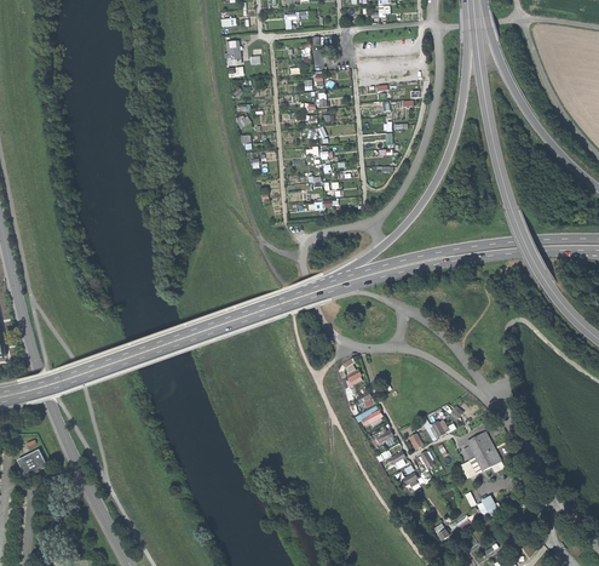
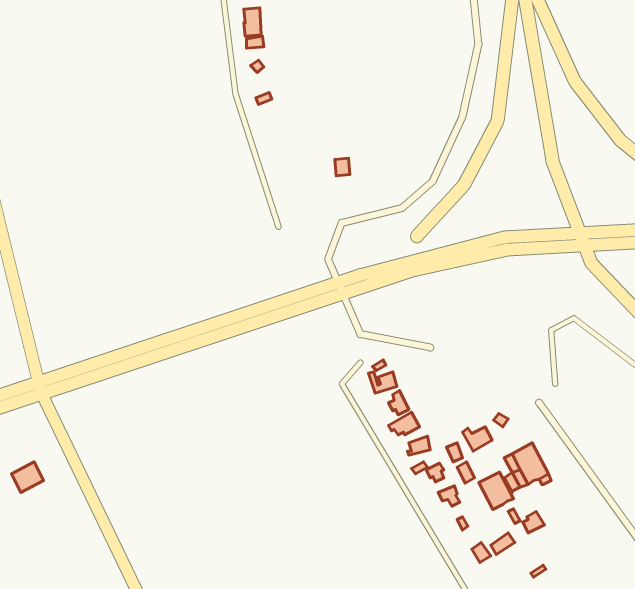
building: none -> [479,472,513,509]

